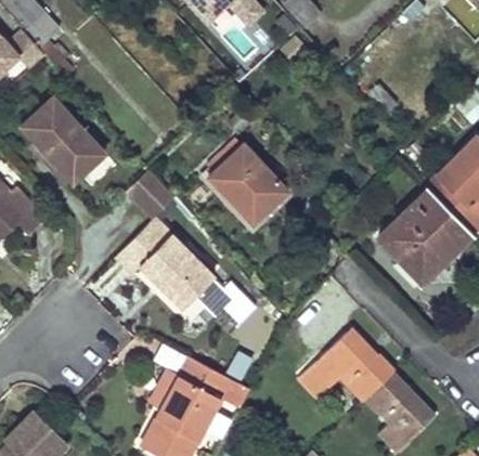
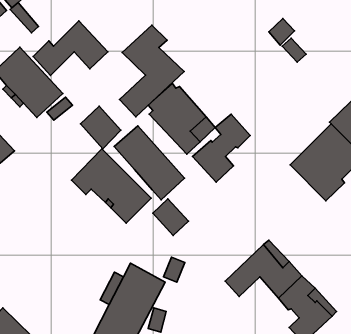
building: none -> [33,21,108,76]
building: none -> [119,25,184,117]
building: none -> [192,114,250,182]
building: none -> [114,126,185,200]

